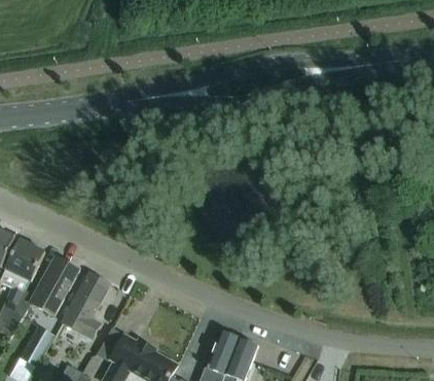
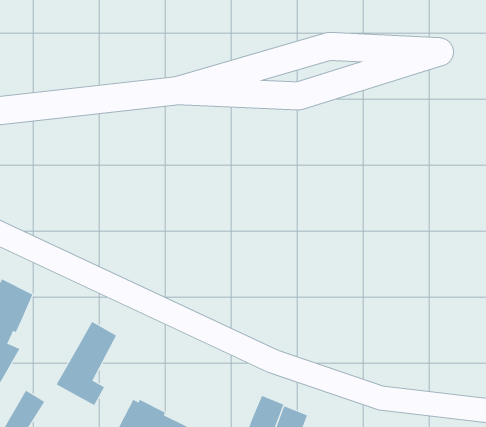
building: [31,256,78,315] -> none

